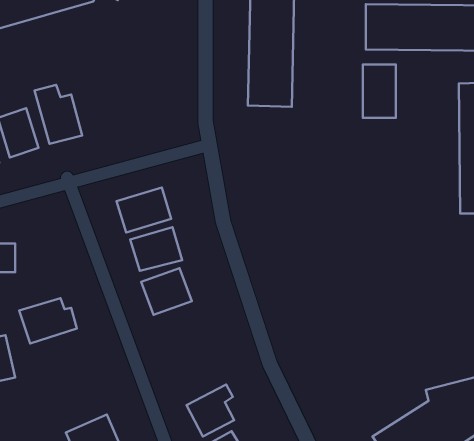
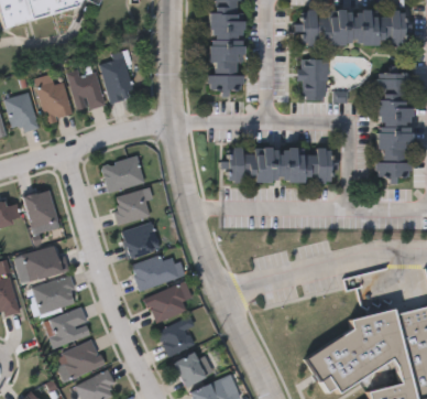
building: none -> [98,54,135,103]
building: none -> [67,66,103,112]
building: none -> [226,148,332,182]
building: none -> [23,190,57,227]
building: none -> [132,252,182,289]
building: none -> [33,277,78,313]
building: none -> [144,281,191,323]
building: none -> [44,308,90,347]

